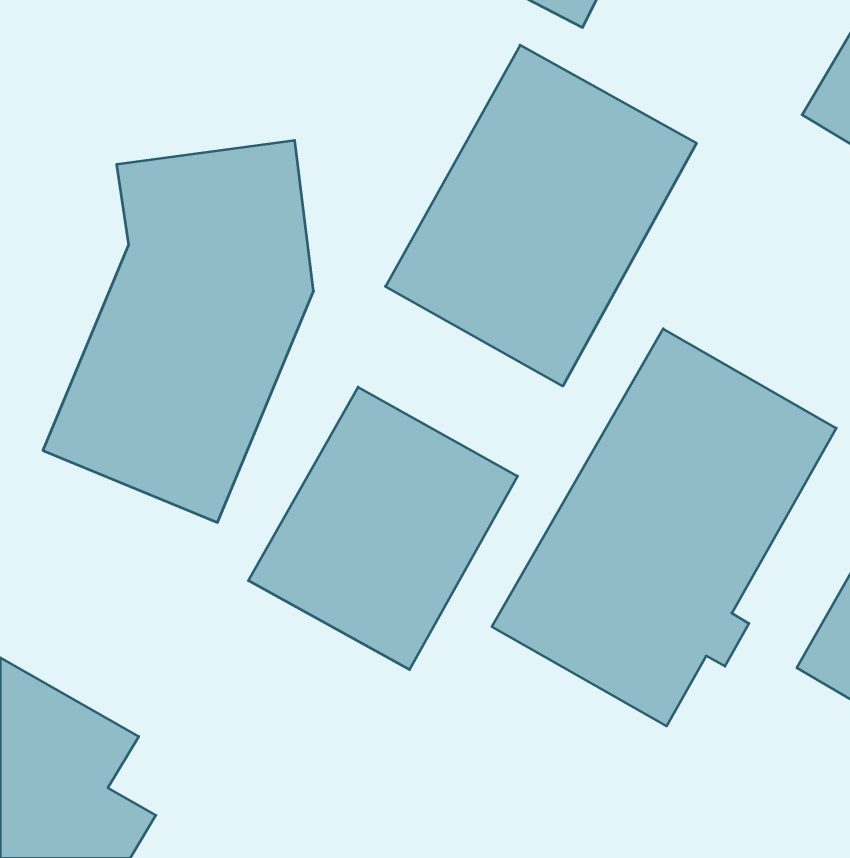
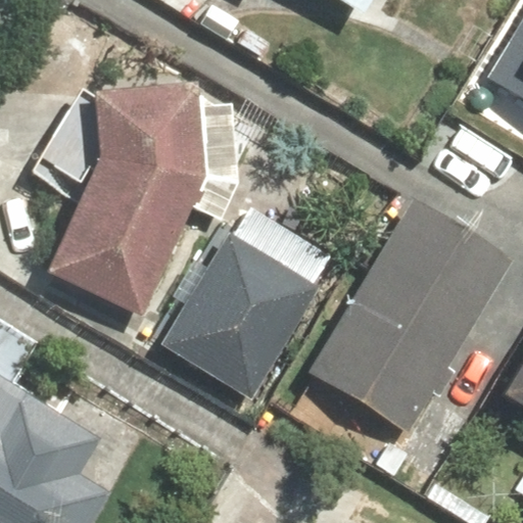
building: [385,45,696,386] -> none

